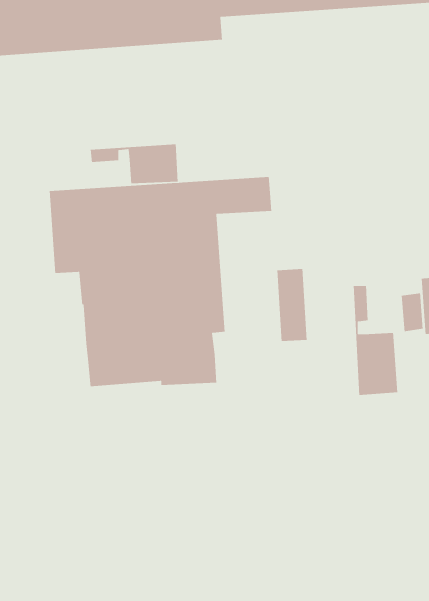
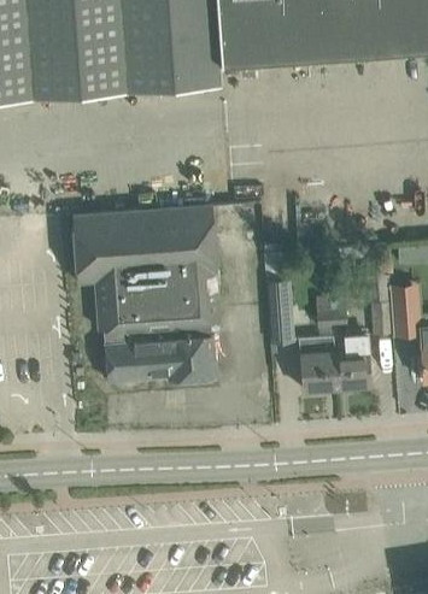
building: [90,144,178,184] -> none
building: none -> [299,295,336,392]

